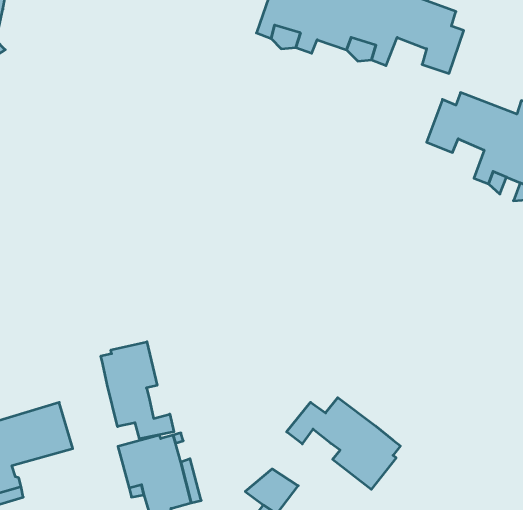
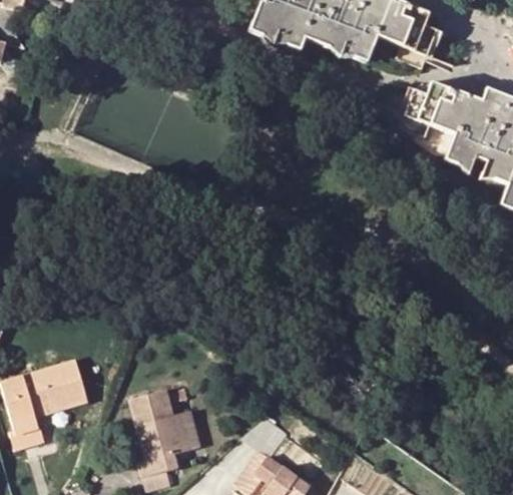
building: [101,342,174,439] -> none
building: [287,398,400,489] -> none

